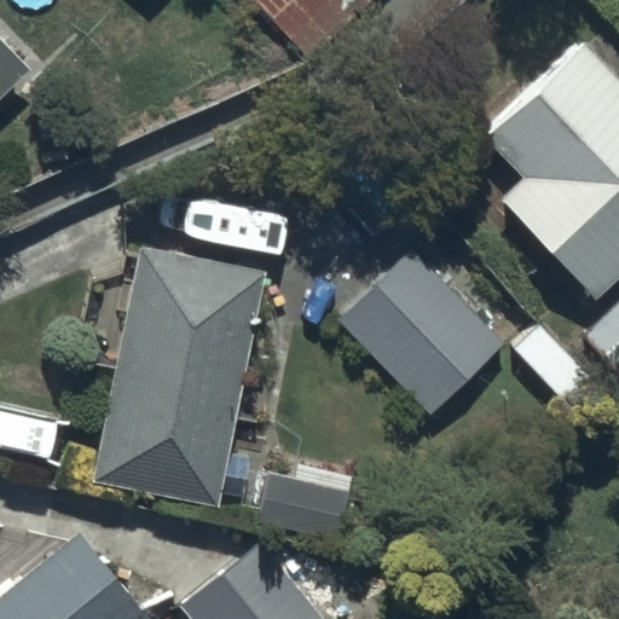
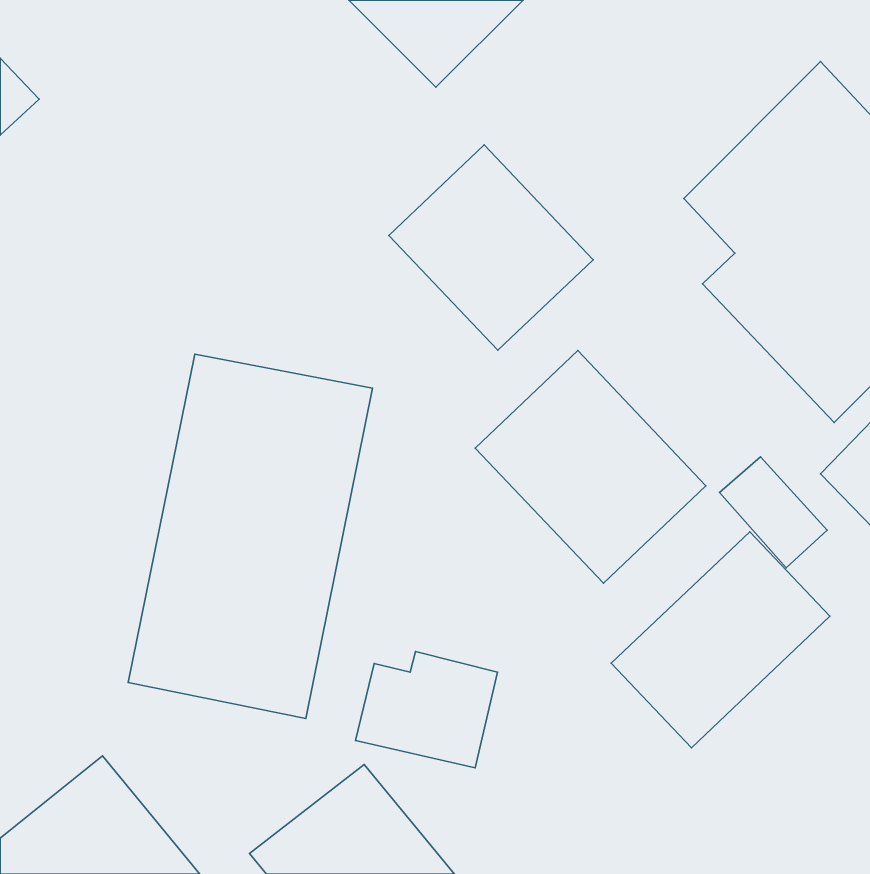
building: none -> [389,145,593,350]
building: none -> [611,532,830,748]

